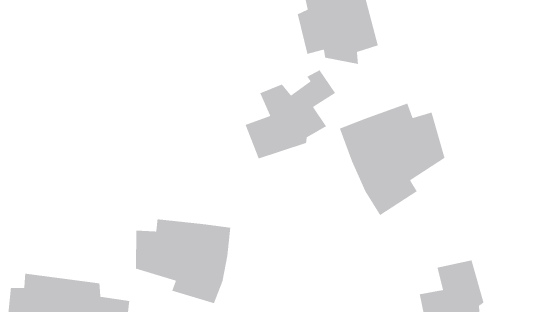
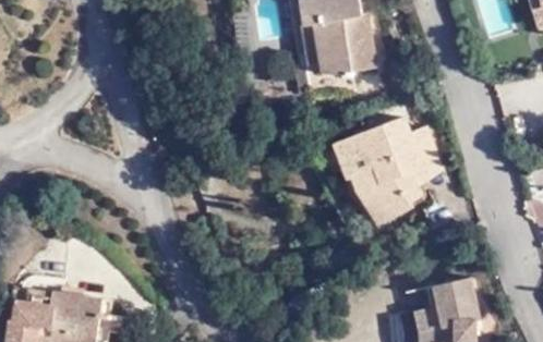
building: [244,69,336,160] -> none
building: [135,218,231,304] -> none

